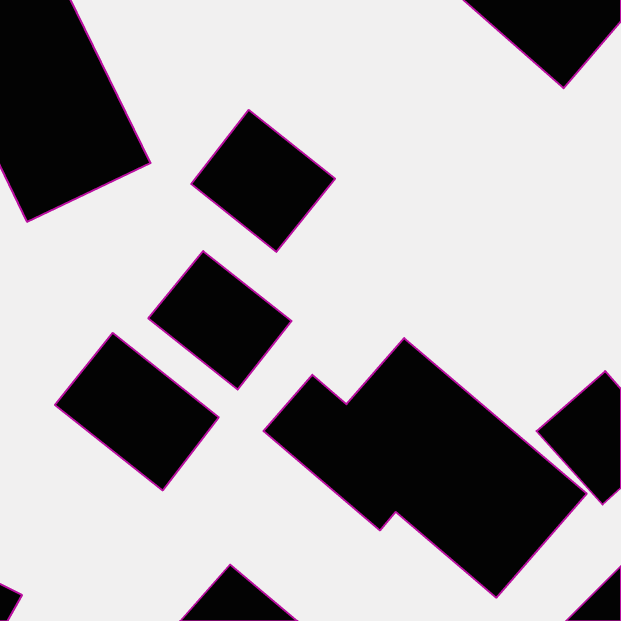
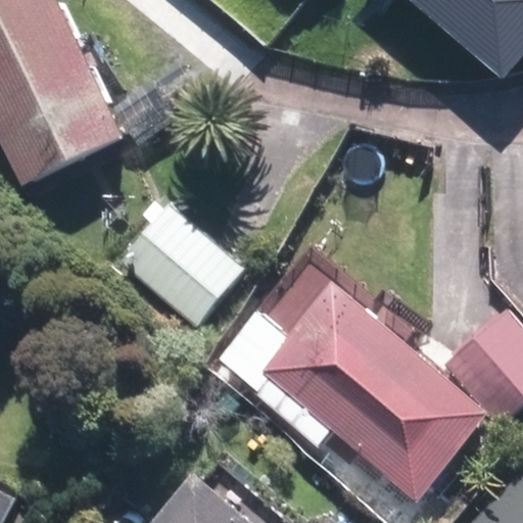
building: [191,110,335,252] -> none
building: [55,333,219,490] -> none

